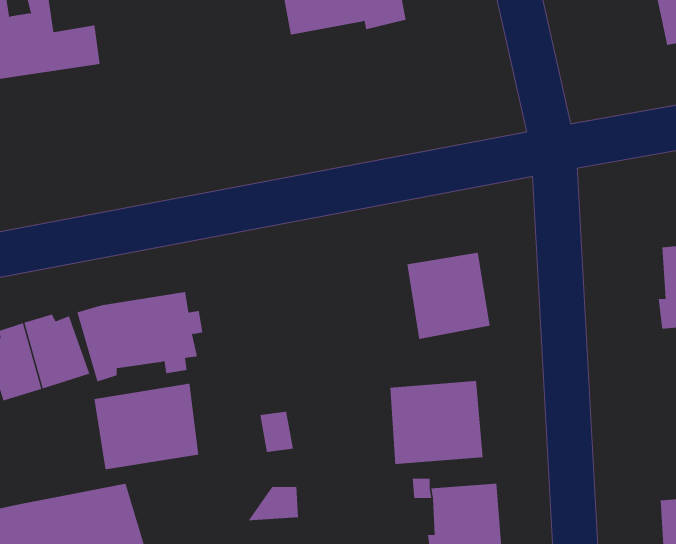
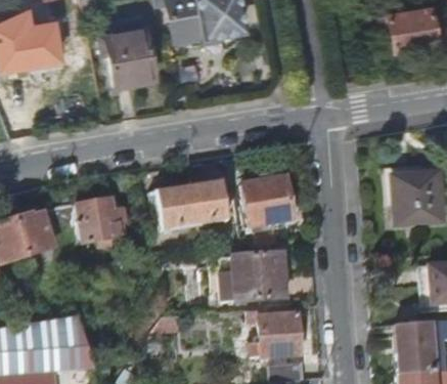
building: none -> [104,30,153,87]
building: none -> [157,180,228,229]
building: [94,383,199,470] -> none

